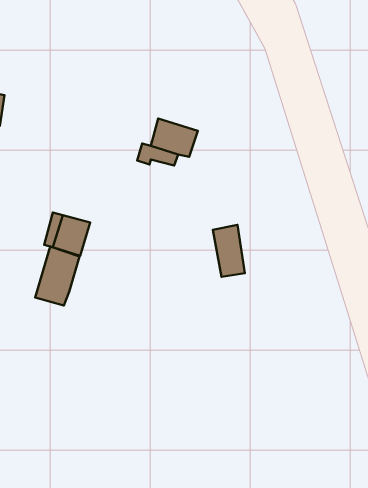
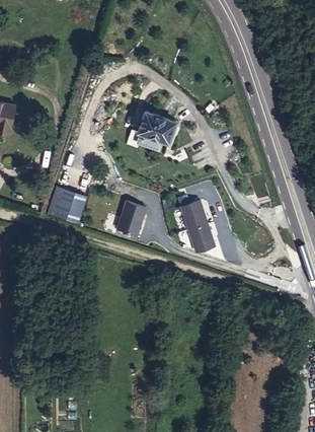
building: none -> [116,208,145,242]
building: [35,246,79,305] -> none

